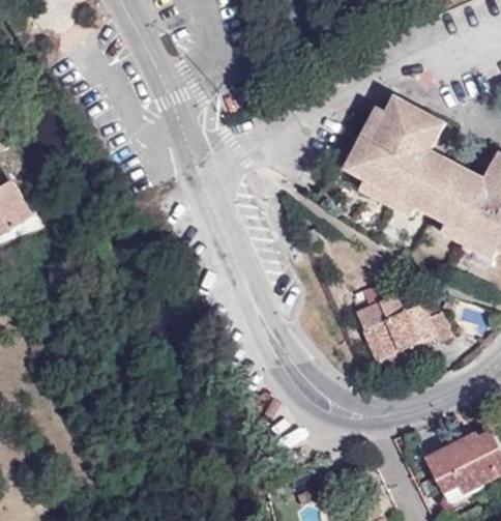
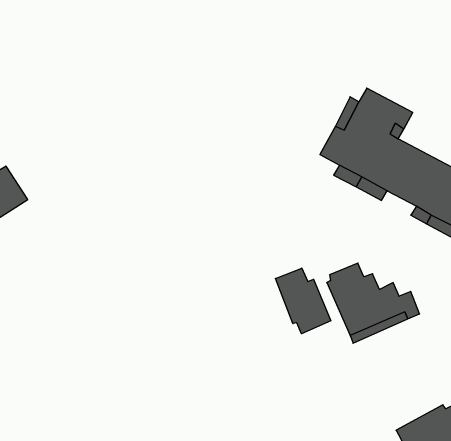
building: none -> [275,268,331,334]

